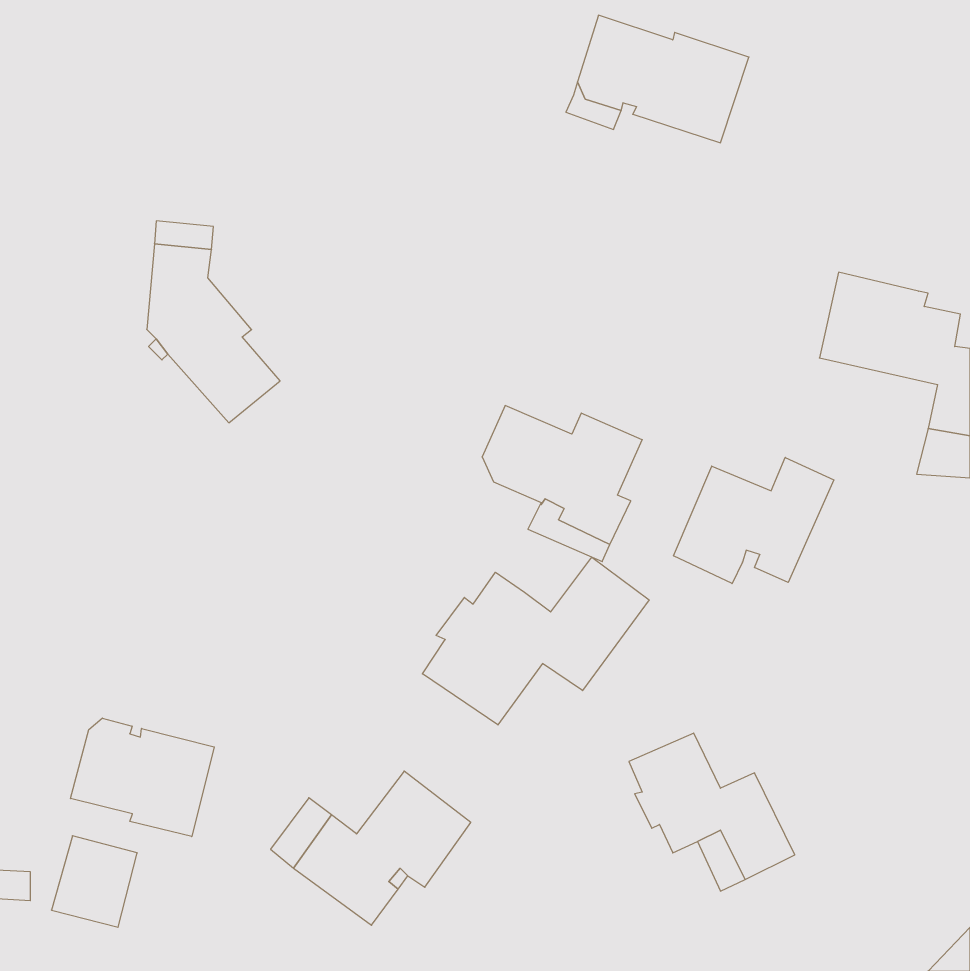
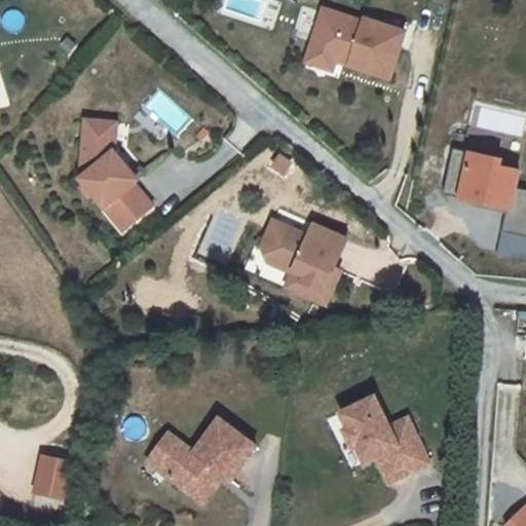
building: [674,457,834,584] -> none
building: [422,557,649,725] -> none
building: [71,718,214,837] -> none

